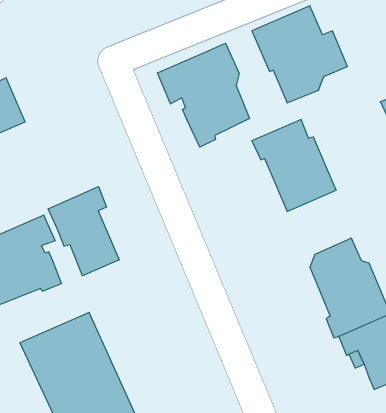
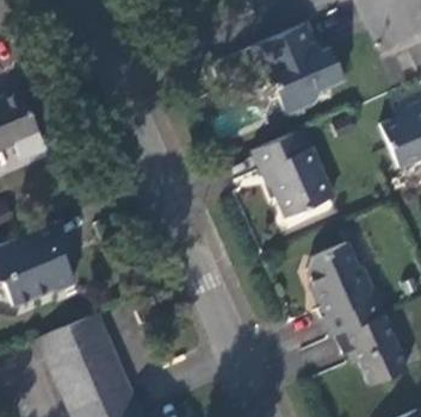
building: [158,43,249,147] -> none
building: [48,187,119,276] -> none

